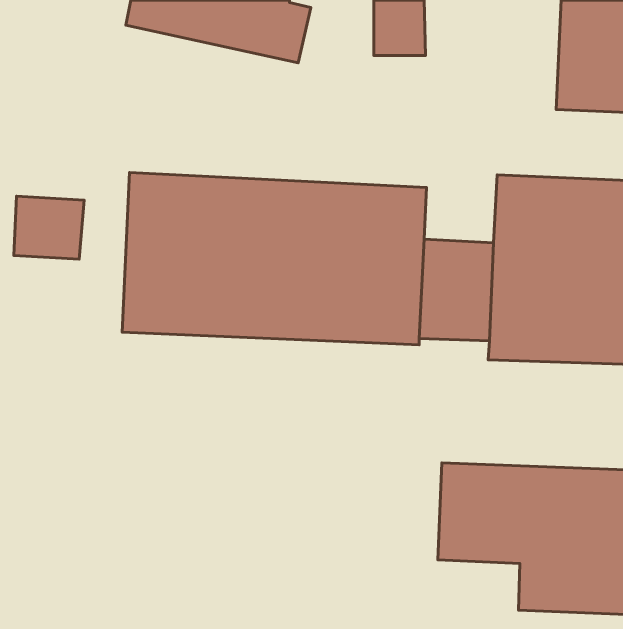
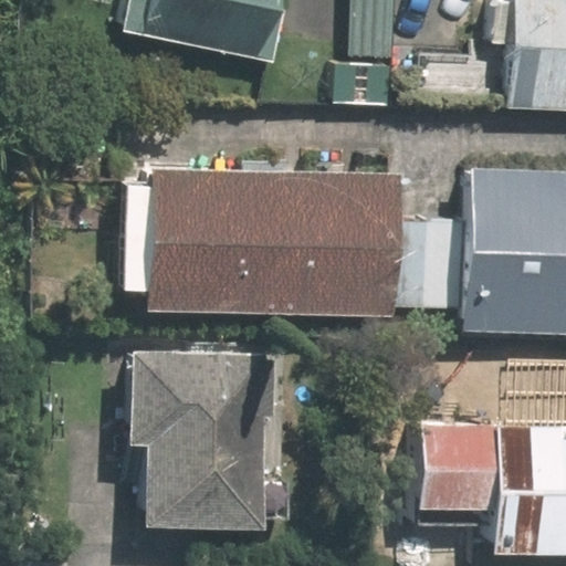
building: none -> [112,352,275,526]

